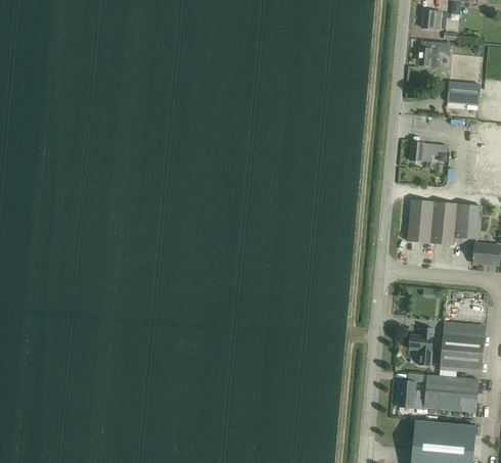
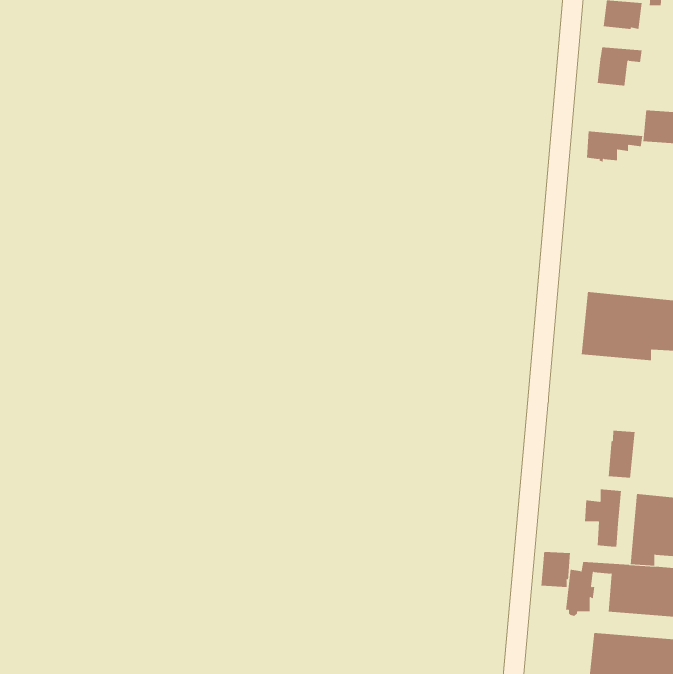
building: [410,142,447,163] -> [586,131,643,163]
building: none -> [608,430,635,479]
building: none -> [541,551,570,588]

